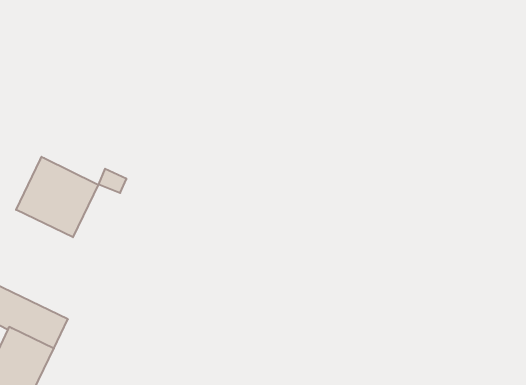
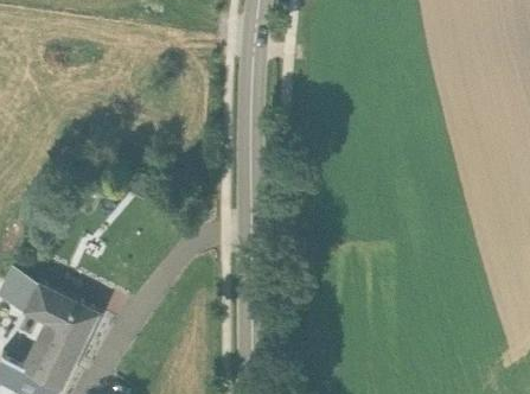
building: [16,157,99,237] -> none

